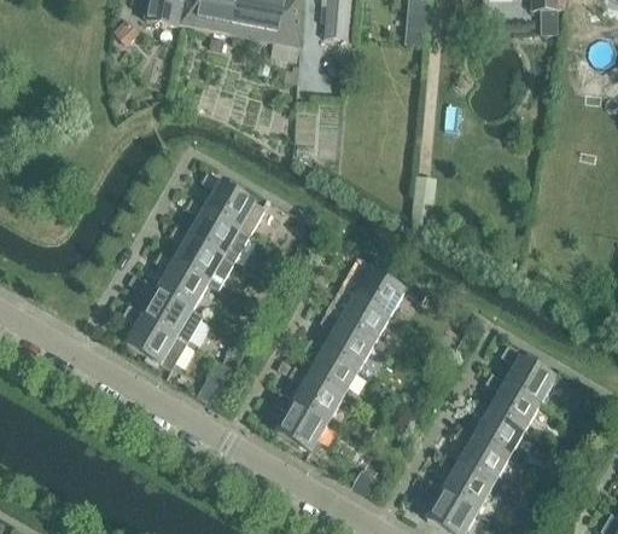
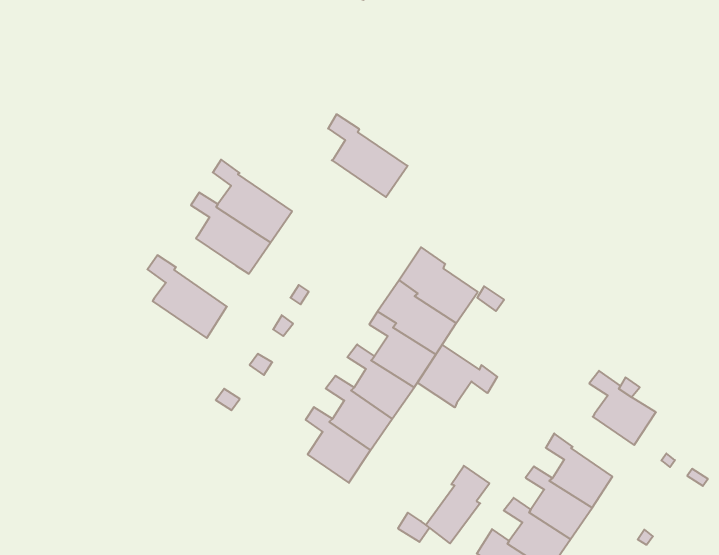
building: [199,170,266,234] -> [328,114,408,197]
building: [152,250,208,315] -> none
building: [122,304,188,371] -> none
building: none -> [417,345,497,407]
building: [485,372,540,430] -> none
building: none -> [426,466,489,543]

